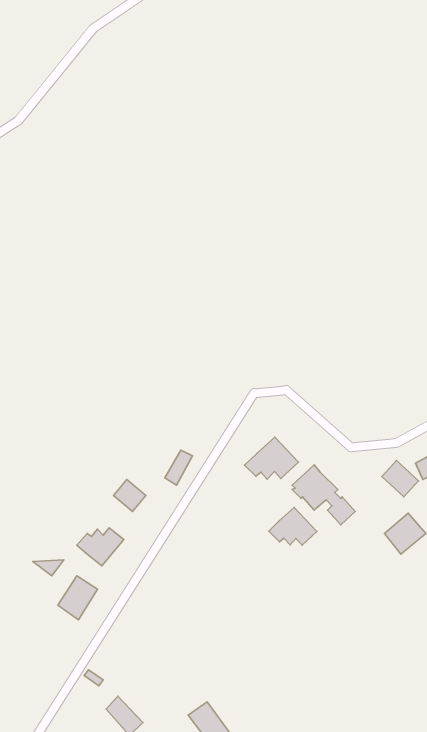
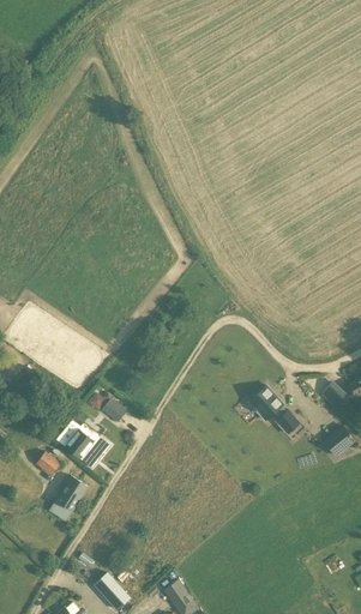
building: [245,437,299,479] -> none
building: [269,507,317,545] -> none

